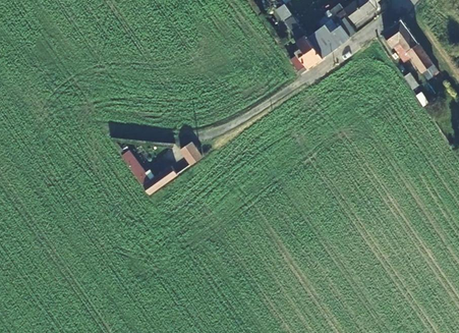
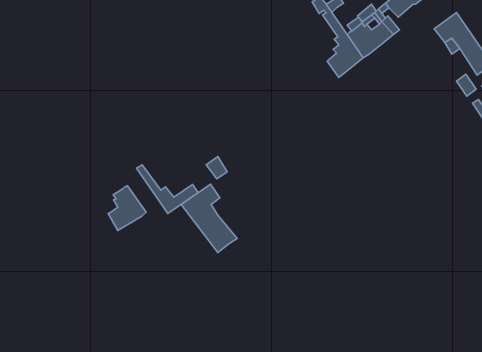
building: none -> [181,184,237,253]
building: none -> [108,186,146,230]

